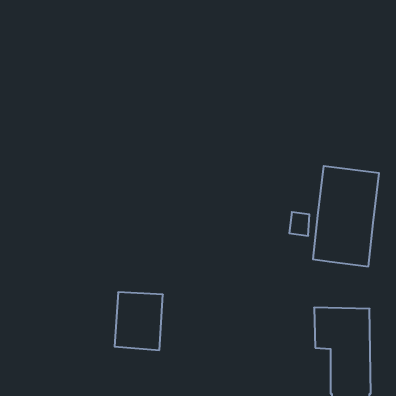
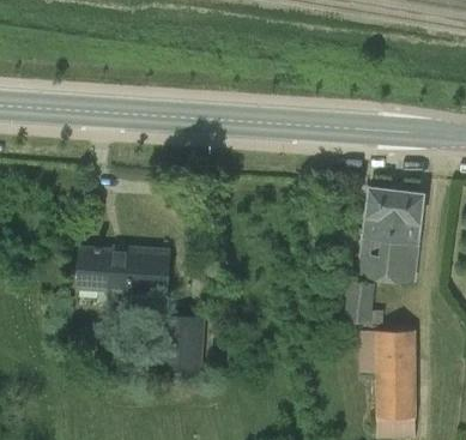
building: none -> [77,245,169,294]
building: none -> [344,279,374,321]

